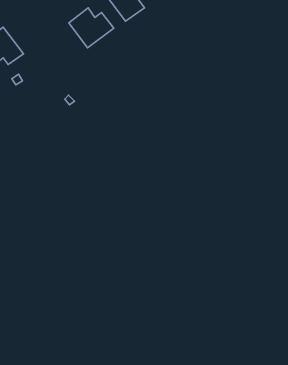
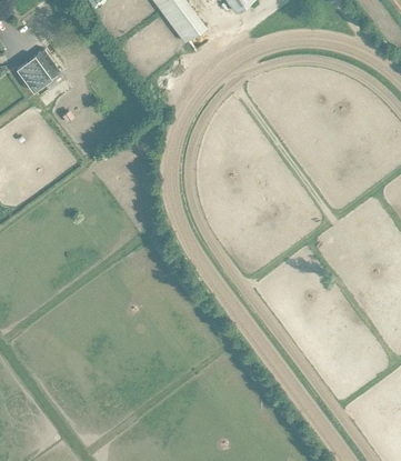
building: [69,8,114,48] -> none

